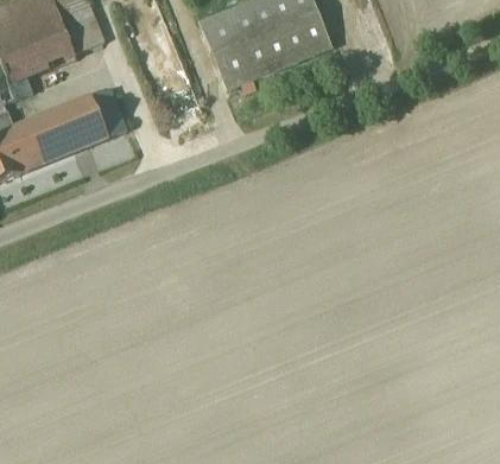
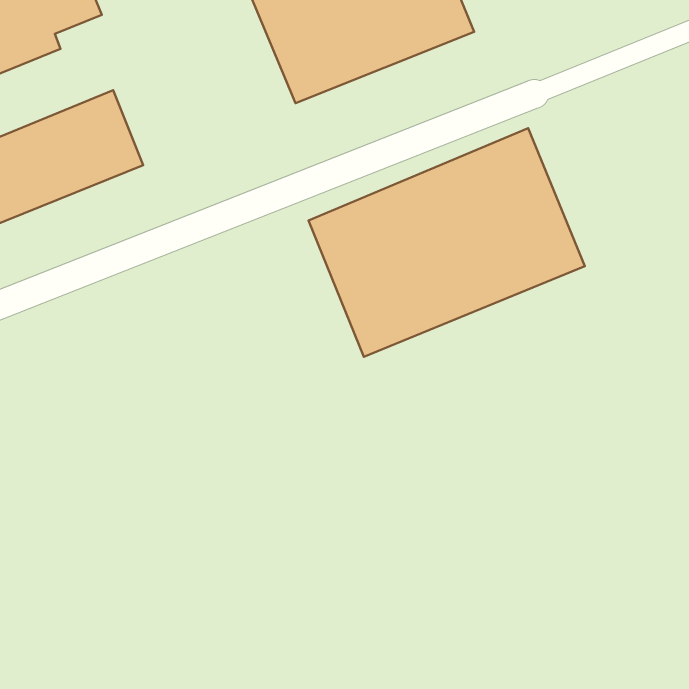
building: none -> [309,128,585,357]

